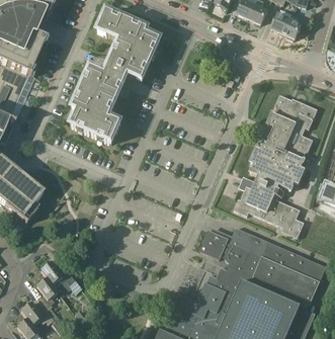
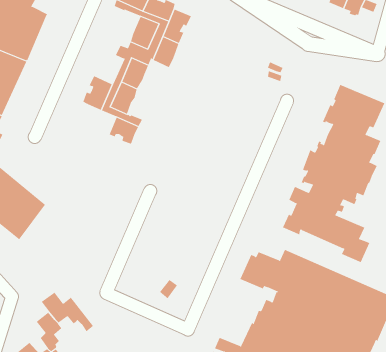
building: [81,67,105,94] -> none
building: [70,110,99,135] -> none

